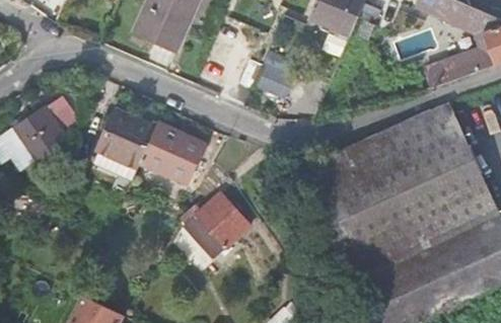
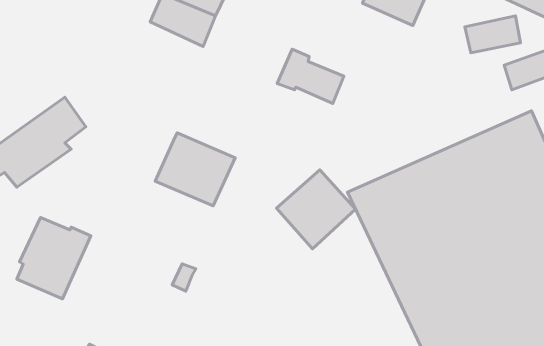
building: [94,112,155,179] -> [17,217,91,299]
building: [187,190,252,255] -> [277,170,356,249]

